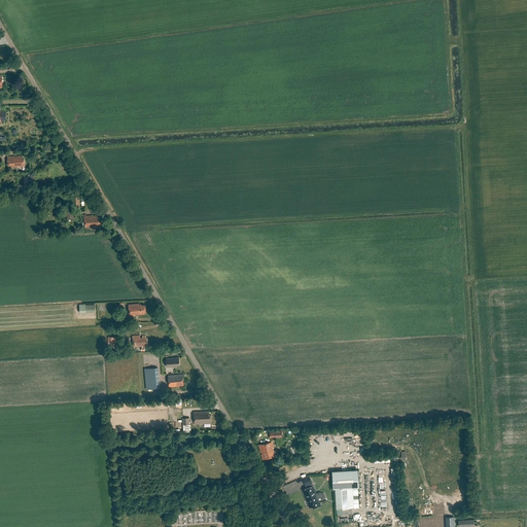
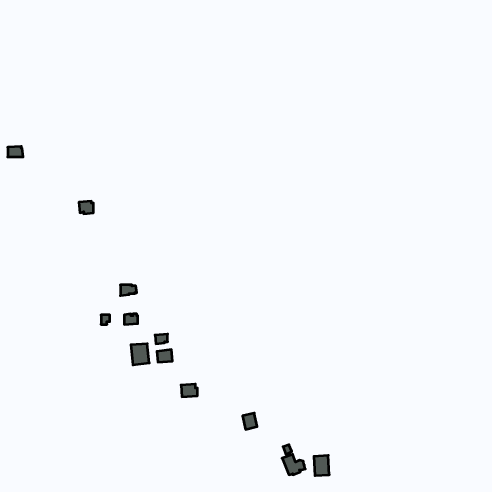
building: [331,469,358,488] -> none

